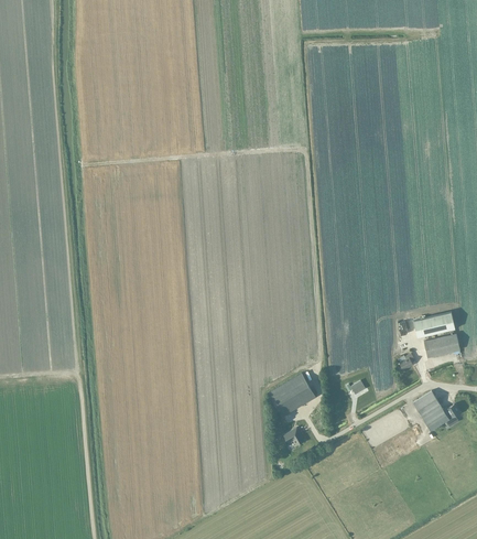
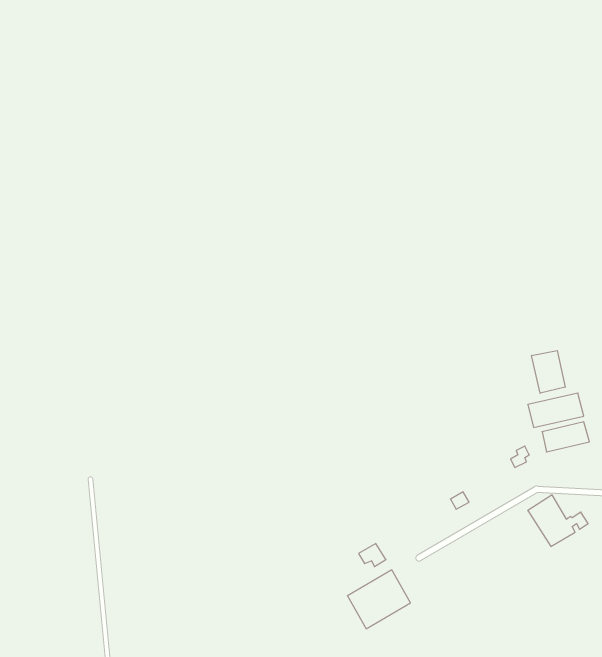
building: none -> [532,351,565,393]
building: [268,371,316,417] -> [347,570,410,629]

